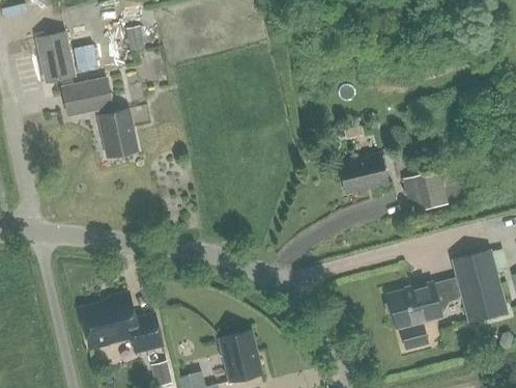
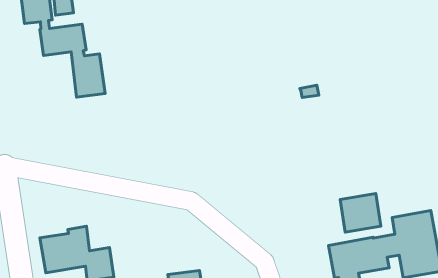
building: [338,155,385,194] -> none
building: [403,169,449,213] -> [340,193,381,232]

